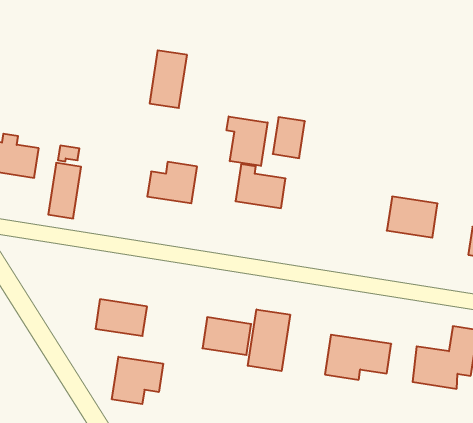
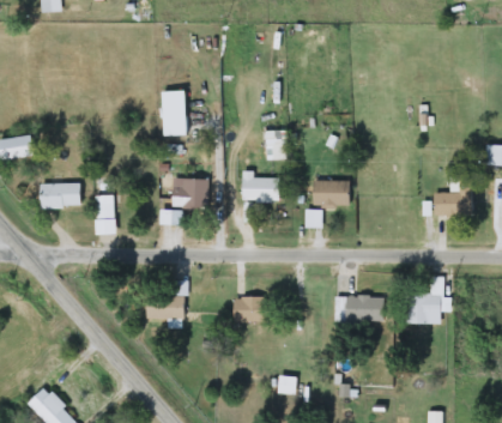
building: [227,116,268,166] -> none
building: [387,197,438,238] -> [313,180,350,207]
building: [248,309,290,371] -> none
building: [112,357,163,404] -> none

